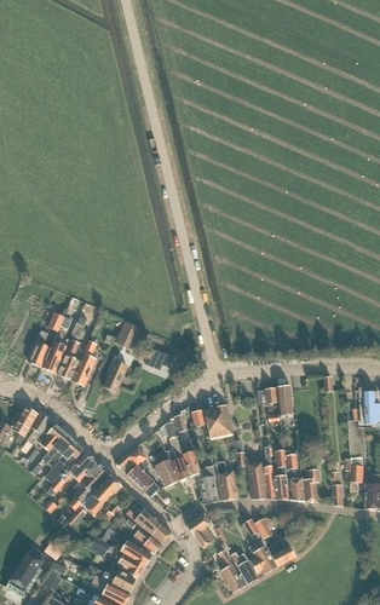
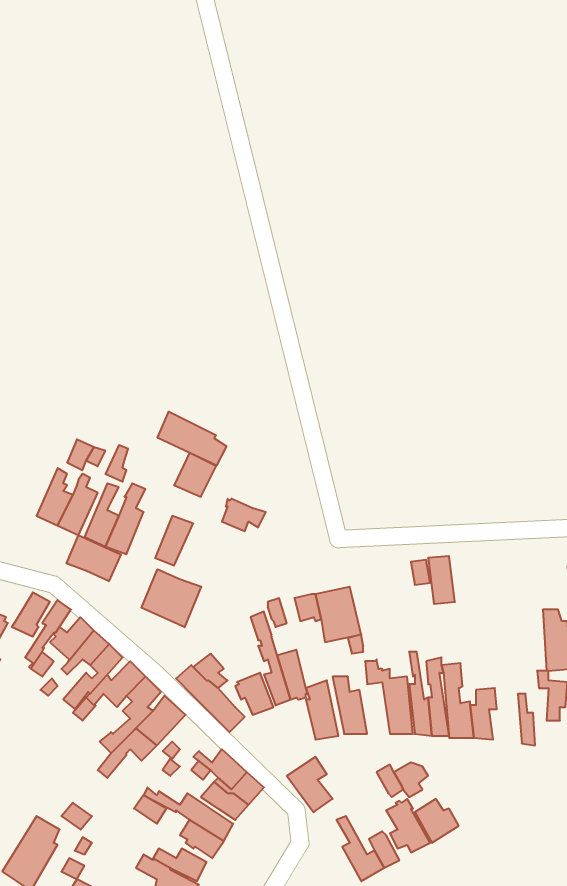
building: none -> [158,412,226,466]
building: none -> [66,535,121,581]
building: none -> [141,569,201,627]

